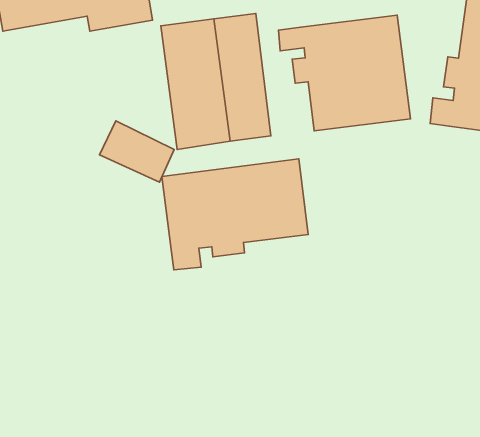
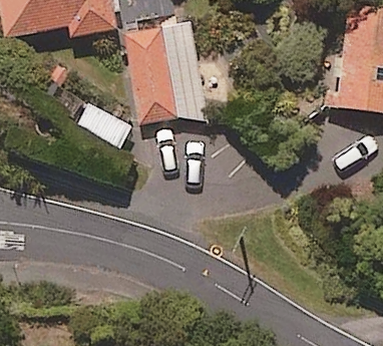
building: [278,15,410,131] -> none
building: [162,159,308,270] -> none

